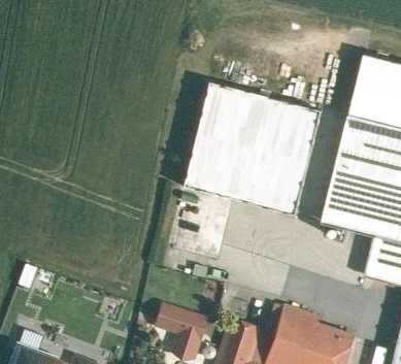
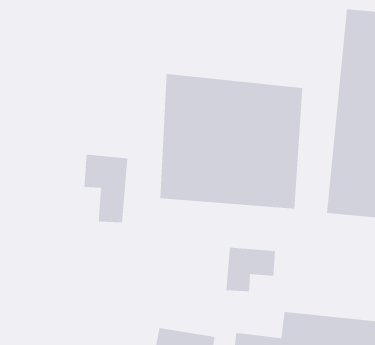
building: none -> [84,154,128,223]
building: none -> [226,247,275,292]

